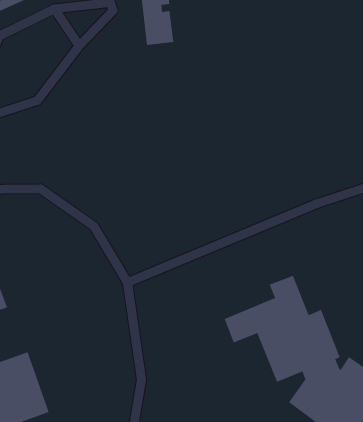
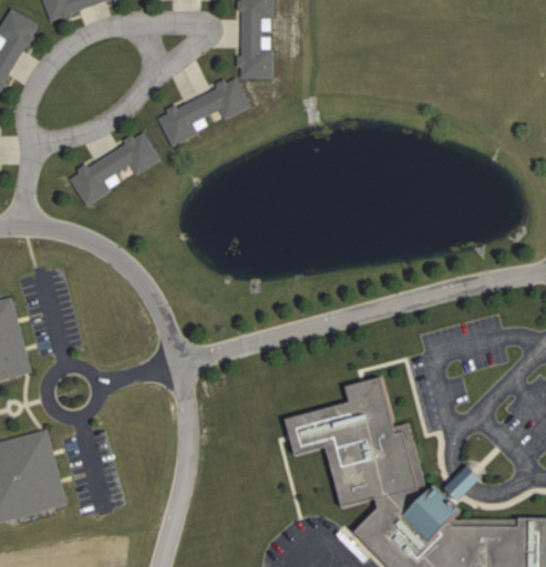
building: none -> [156,79,249,146]
building: none -> [66,134,158,204]

